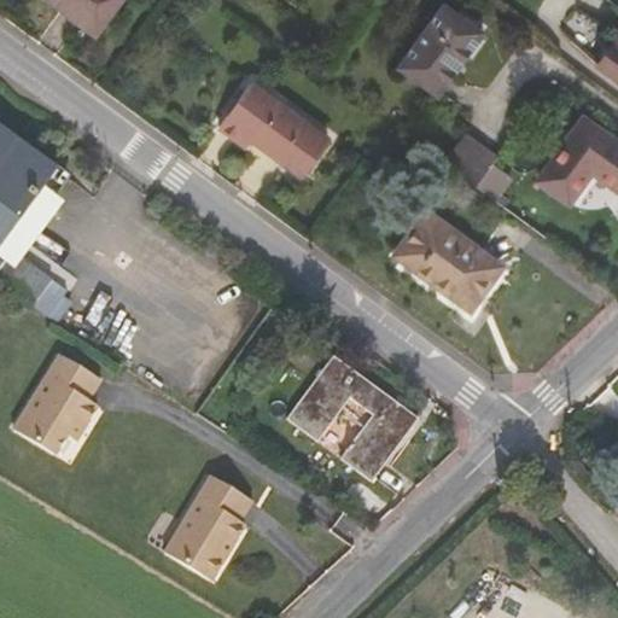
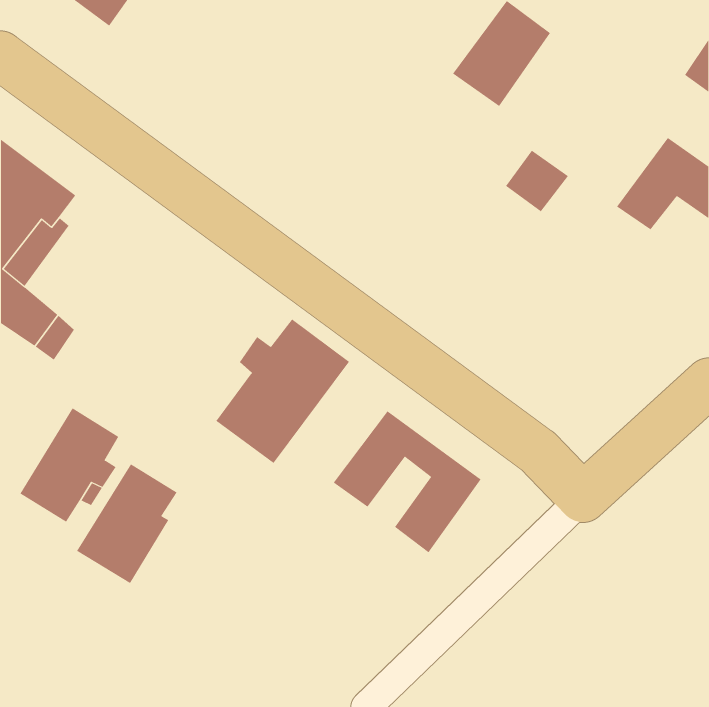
building: [217,83,326,174] -> none
building: [391,210,496,307] -> none
building: none -> [216,319,350,464]
building: [163,476,251,581] -> [76,463,178,584]

